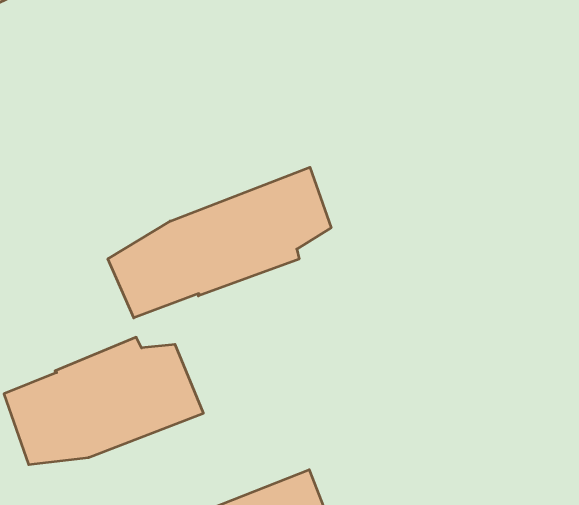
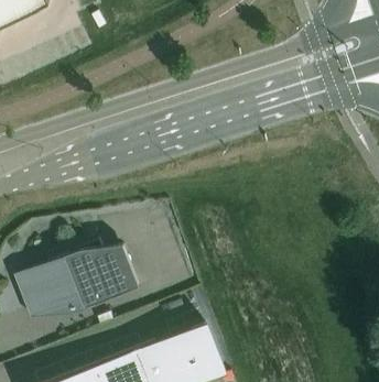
building: [108,167,331,318] -> none

